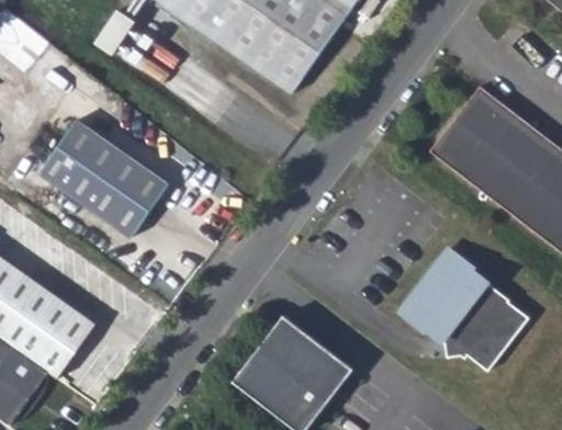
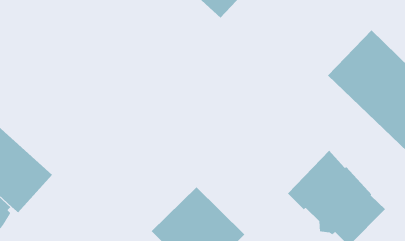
building: [38,120,168,238] -> none

